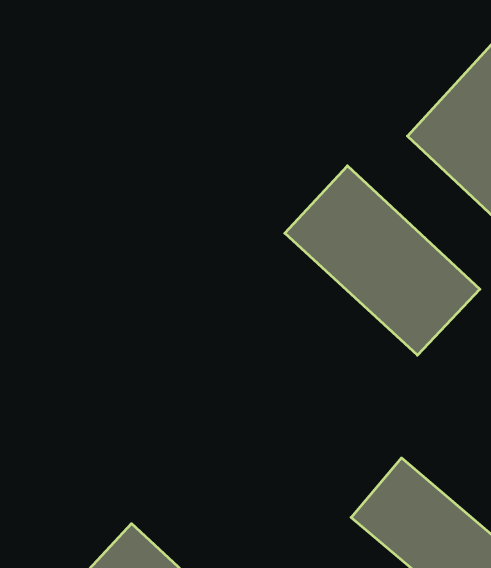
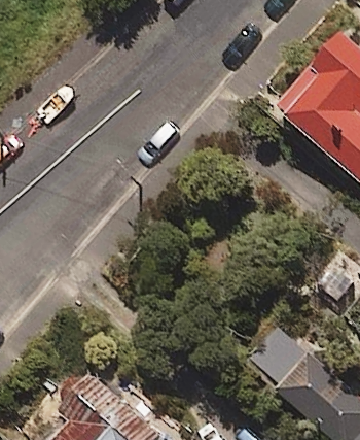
building: [285,166,480,355] -> none

